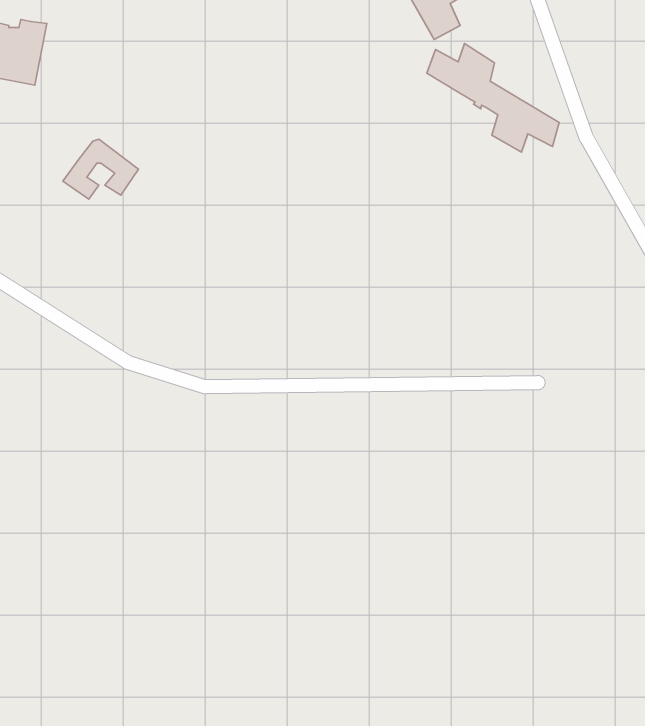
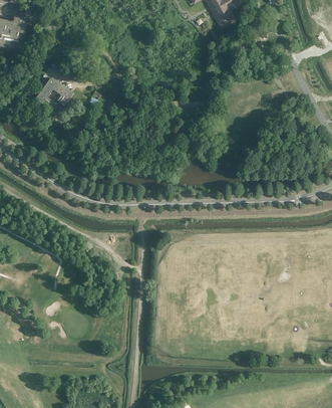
building: [427,44,559,152] -> none

